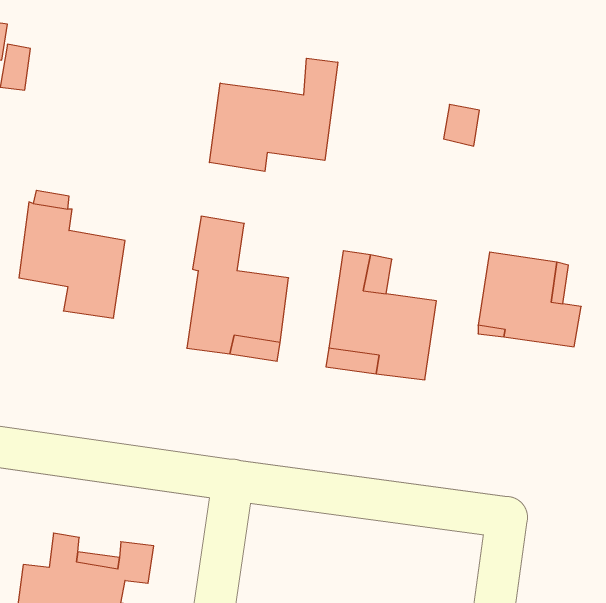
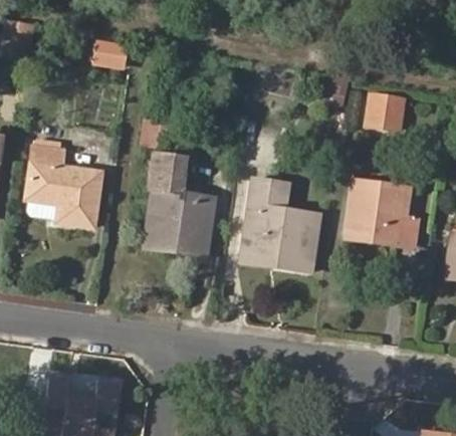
building: none -> [94,36,129,67]
building: [209,58,338,171] -> none
building: none -> [365,87,411,130]

